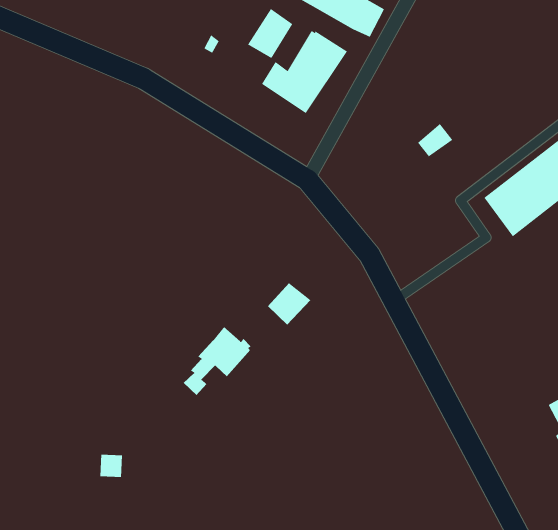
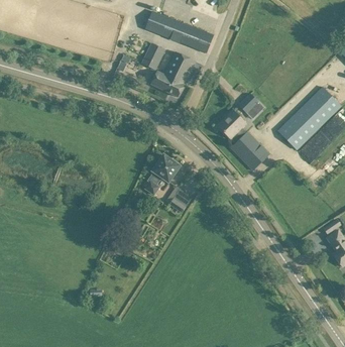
building: none -> [218,110,269,169]
building: [183,326,251,396] -> [145,154,180,194]

